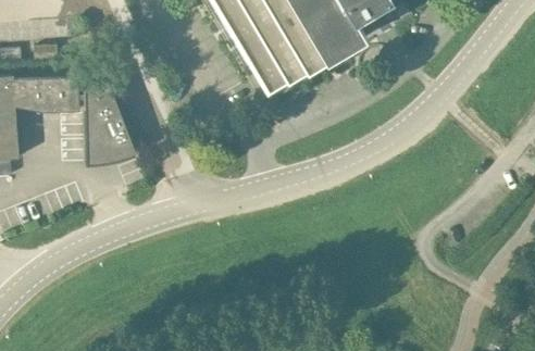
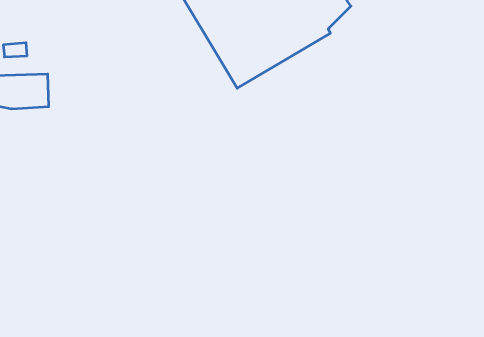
building: [83,82,137,166] -> none

